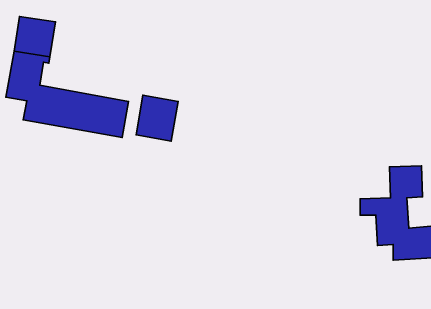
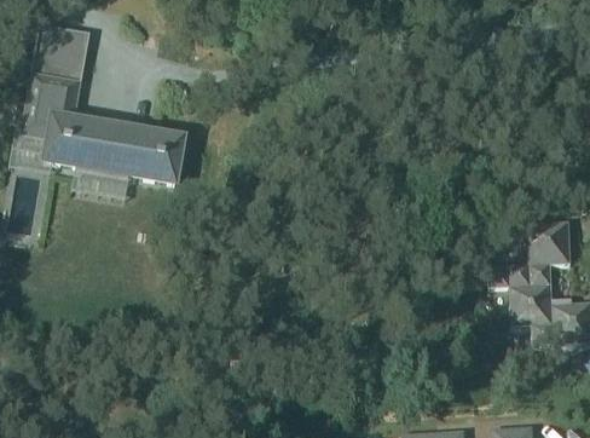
building: [136,95,178,141] -> none

